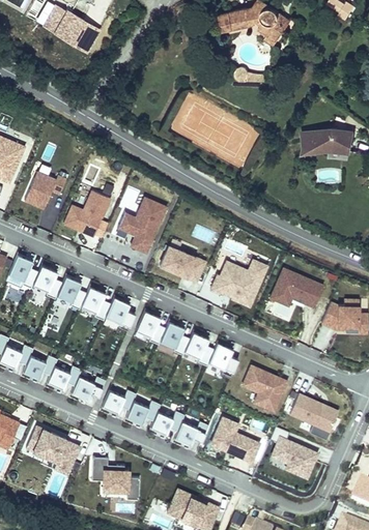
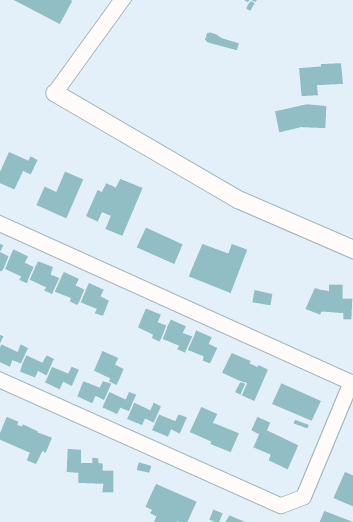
building: none -> [298,63,343,97]
building: [271,269,323,307] -> none
building: [136,312,166,346] -> [93,350,124,386]

